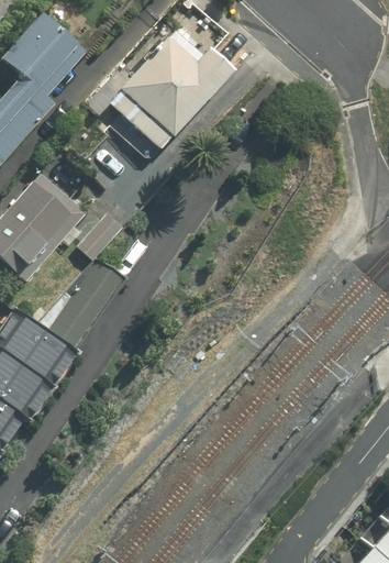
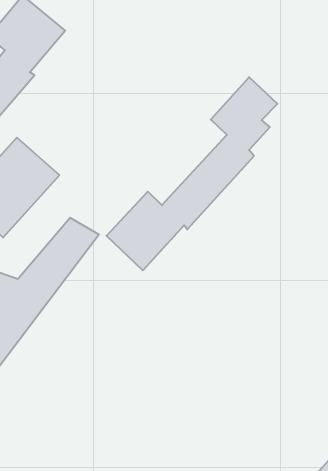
building: [110,29,229,148] -> none
building: none -> [106,77,277,270]

